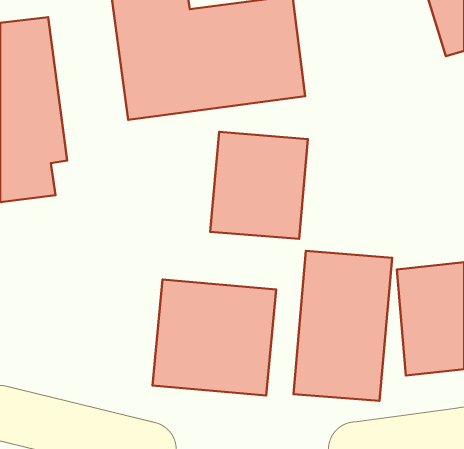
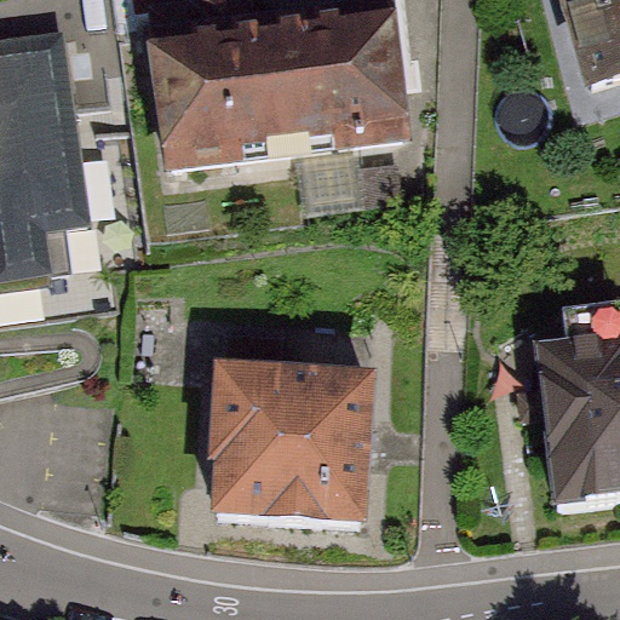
building: [210,132,308,239] -> none
building: [293,251,392,401] -> none

